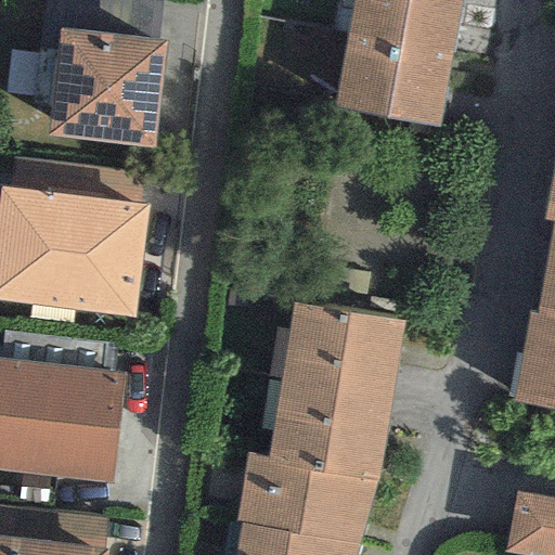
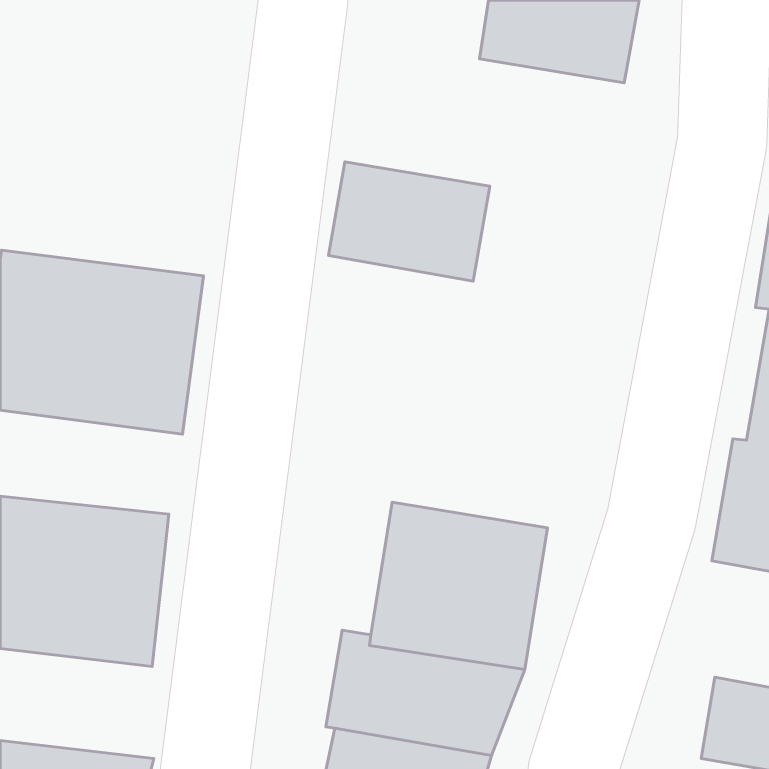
building: [44,22,164,141] -> none
building: [334,43,450,129] -> [328,162,490,281]
building: [283,306,404,380] -> none

